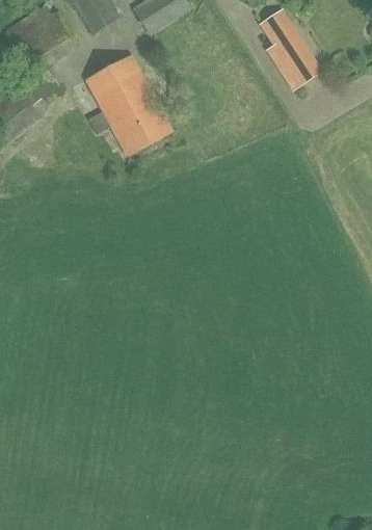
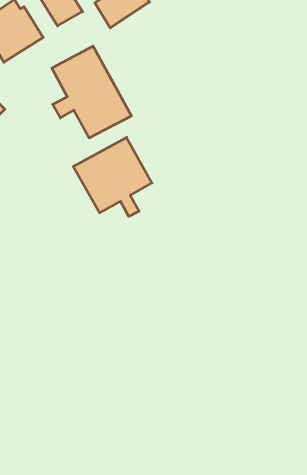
building: [260,10,314,79] -> none
building: none -> [73,137,152,216]

